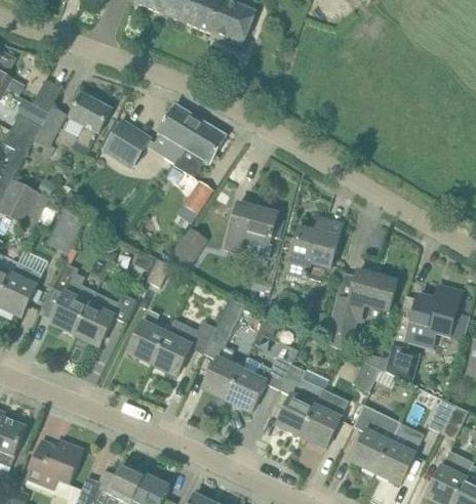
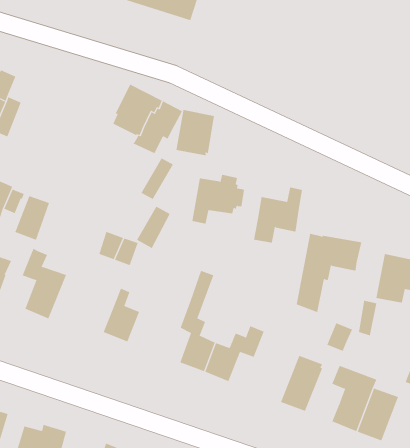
building: [68,86,111,156] -> none
building: [103,120,149,167] -> none
building: none -> [176,109,214,156]
building: [74,291,135,345] -> none
building: [152,319,217,375] -> none
building: [276,364,323,436] -> none

